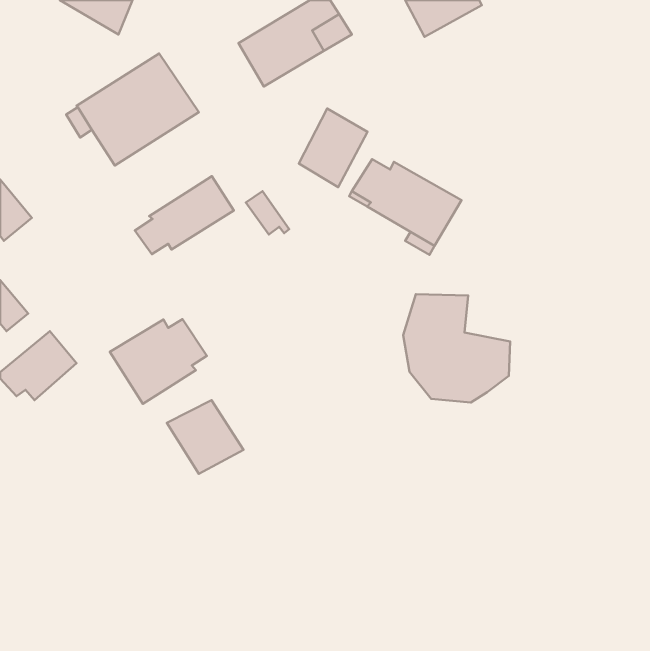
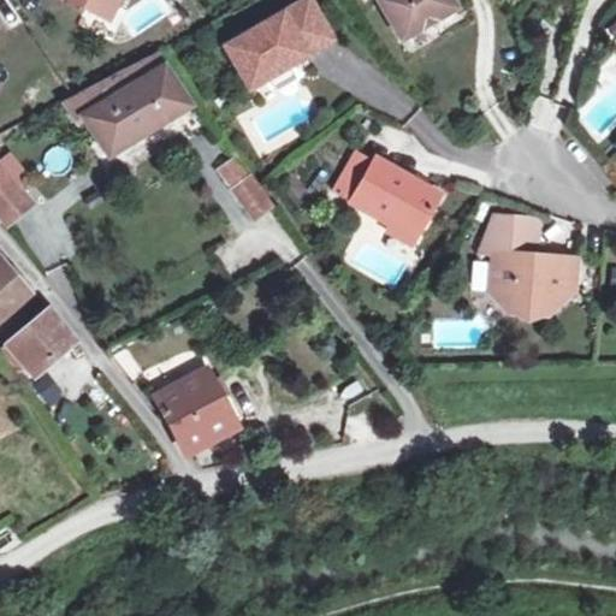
building: [299,108,367,187] -> none
building: [135,176,234,254] -> none
building: [403,294,510,403] -> [481,213,582,315]
building: [110,319,207,404] -> none

